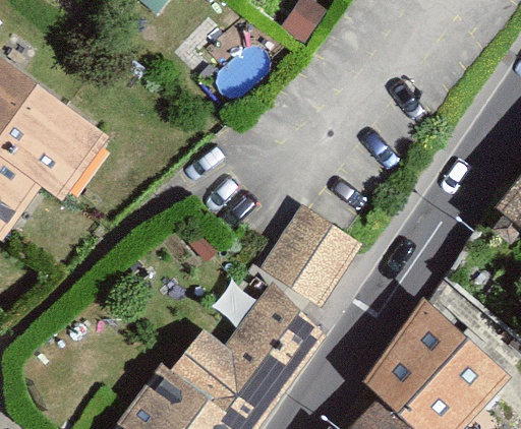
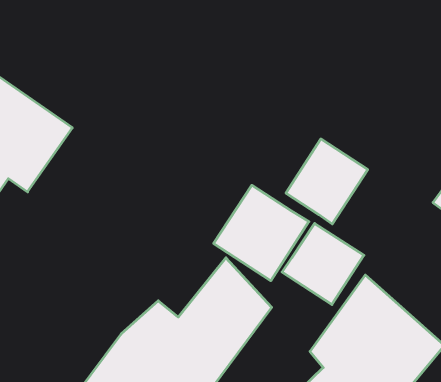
building: none -> [286,139,368,224]
building: none -> [282,223,364,305]

